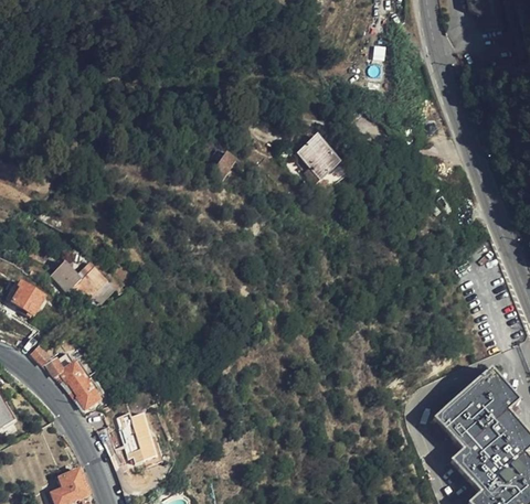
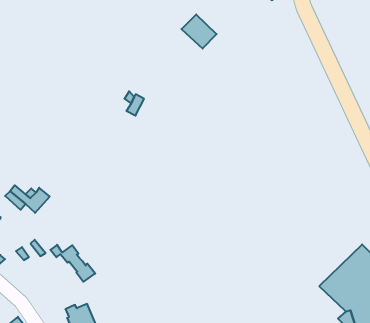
building: [298,135,341,178] -> [181,14,217,49]
building: [47,360,100,408] -> [50,245,95,282]

